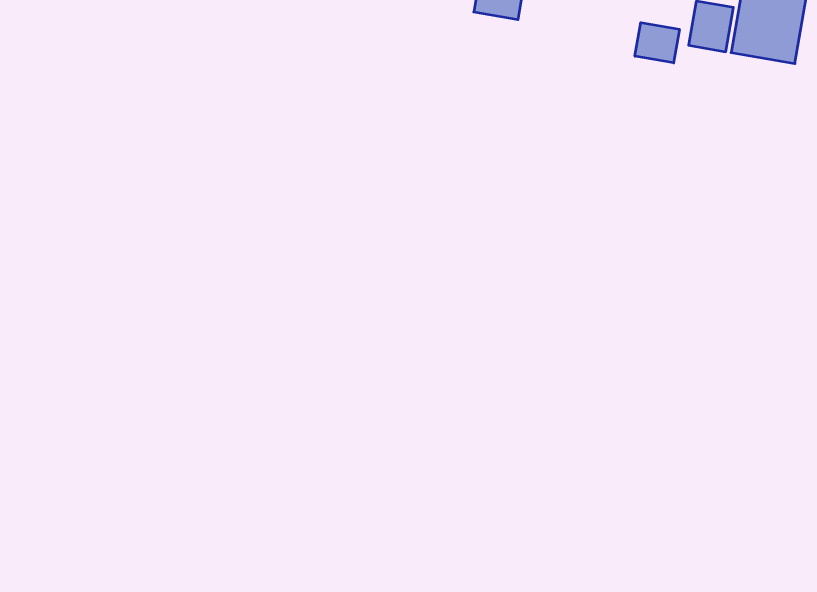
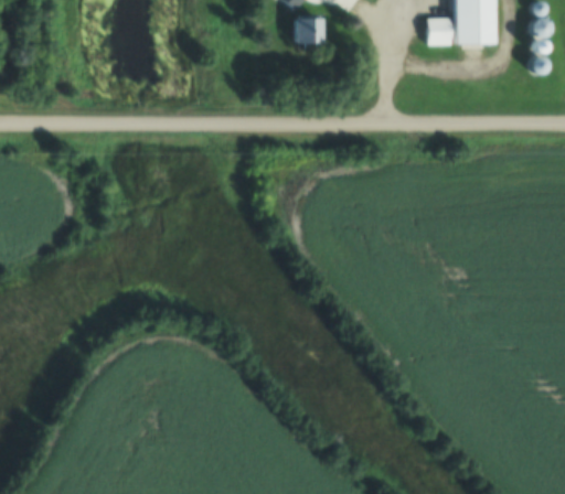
building: [635,23,679,63] -> none

